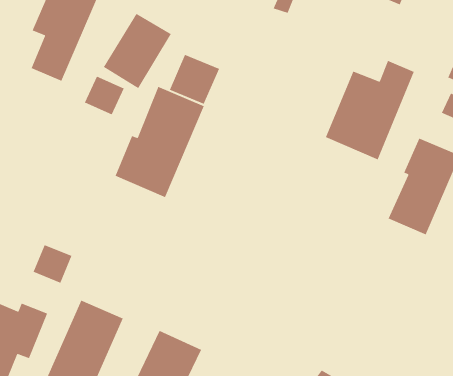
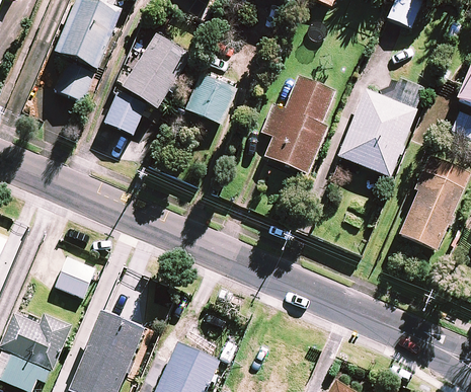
building: none -> [262,76,334,171]
building: [115,86,205,198] -> none

